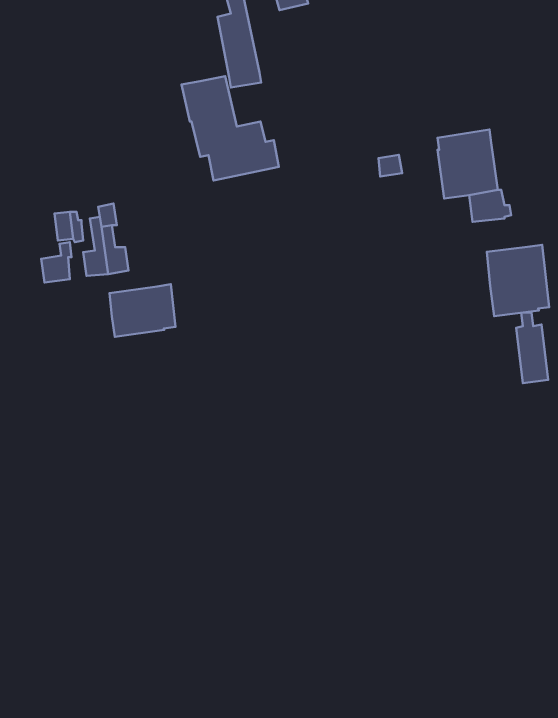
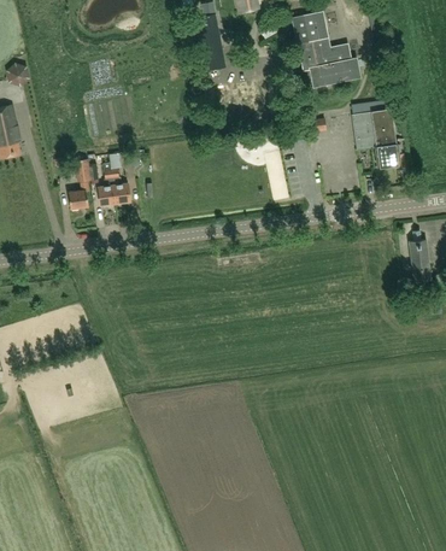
building: [182,76,279,180] -> [291,11,360,86]
building: [487,245,549,316] -> none
building: [110,284,176,337] -> none

